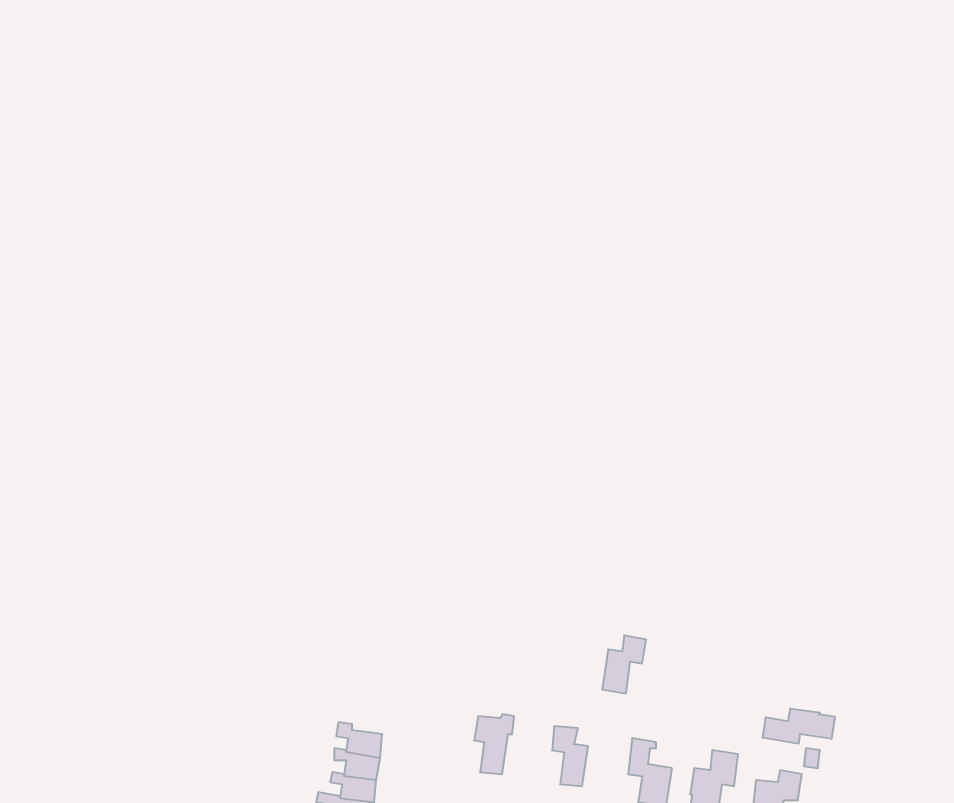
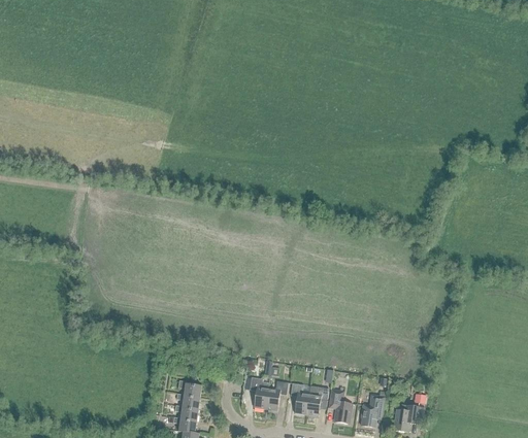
building: [602,635,646,693] -> [304,386,327,416]
building: [763,708,835,744] -> none
building: none -> [263,380,287,410]

